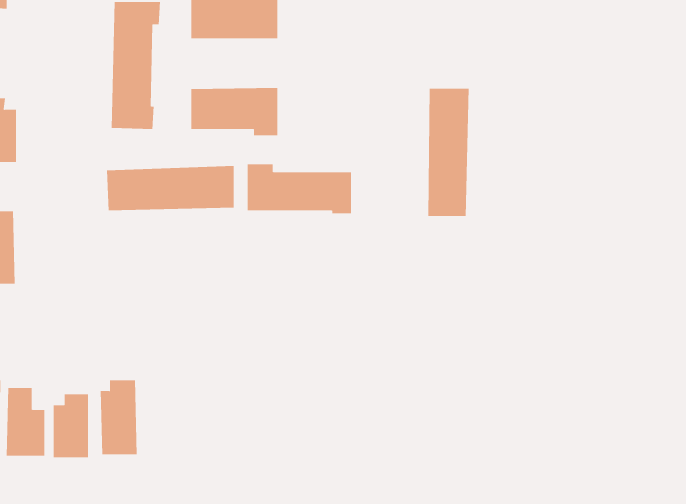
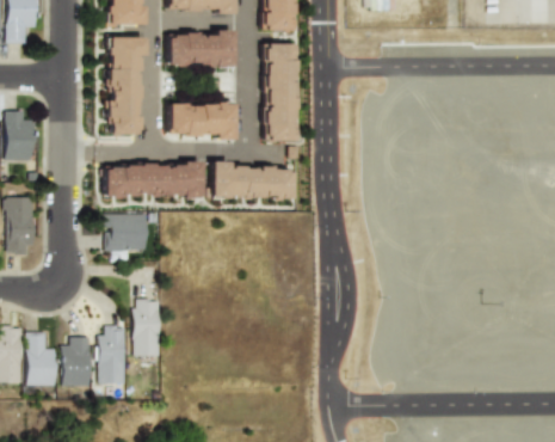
building: [427,88,470,216] -> [263,43,295,141]
building: none -> [103,214,146,250]
building: none -> [132,300,160,356]

